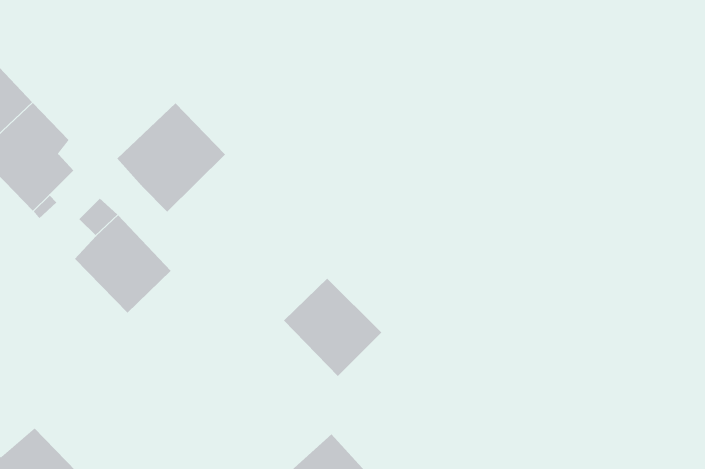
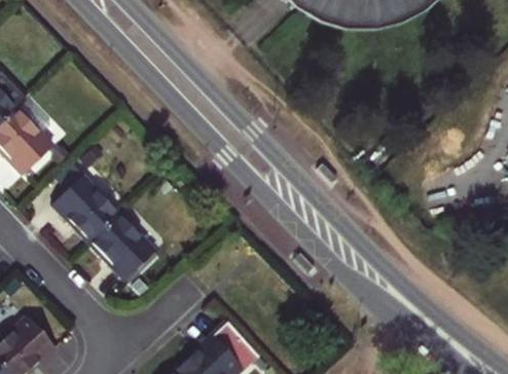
building: [117,102,226,212] -> none
building: [283,278,382,377] -> [87,213,154,279]

